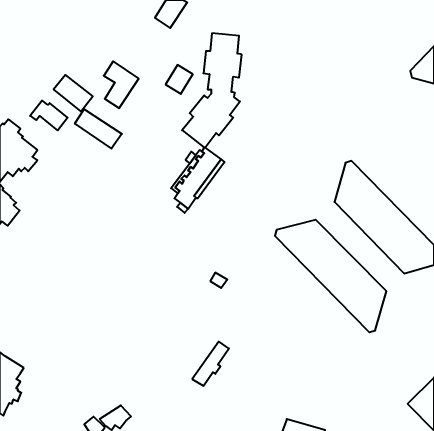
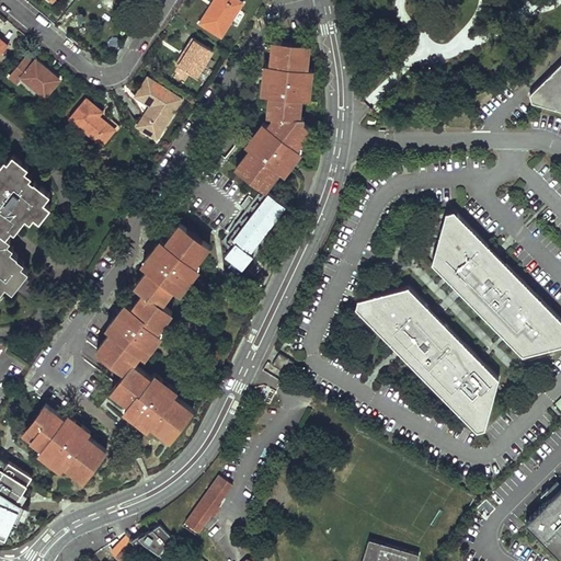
building: [166,65,193,94] -> [175,44,210,81]
building: [30,101,68,130] -> [9,62,57,101]
building: [75,109,122,149] -> none
building: none -> [95,228,207,442]
building: none -> [21,408,103,481]
building: [192,342,229,386] -> [184,480,231,537]

